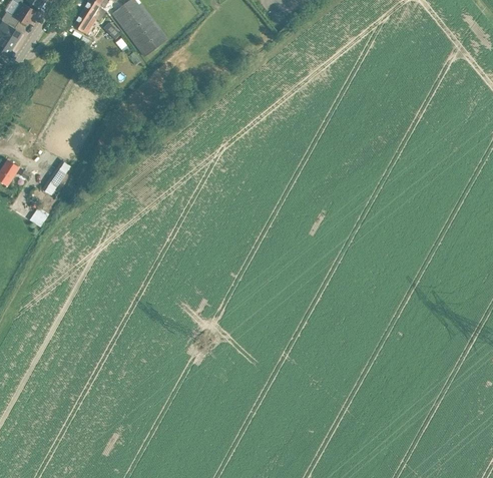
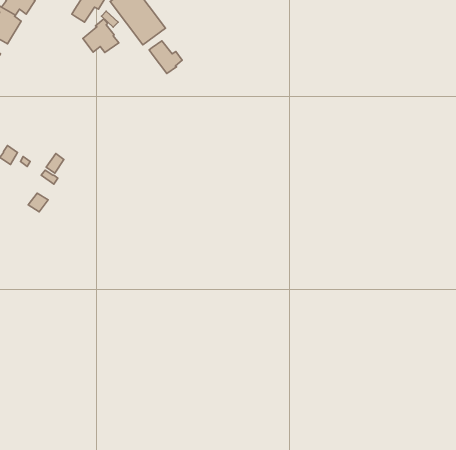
building: none -> [83,19,119,52]
building: none -> [149,41,182,74]

